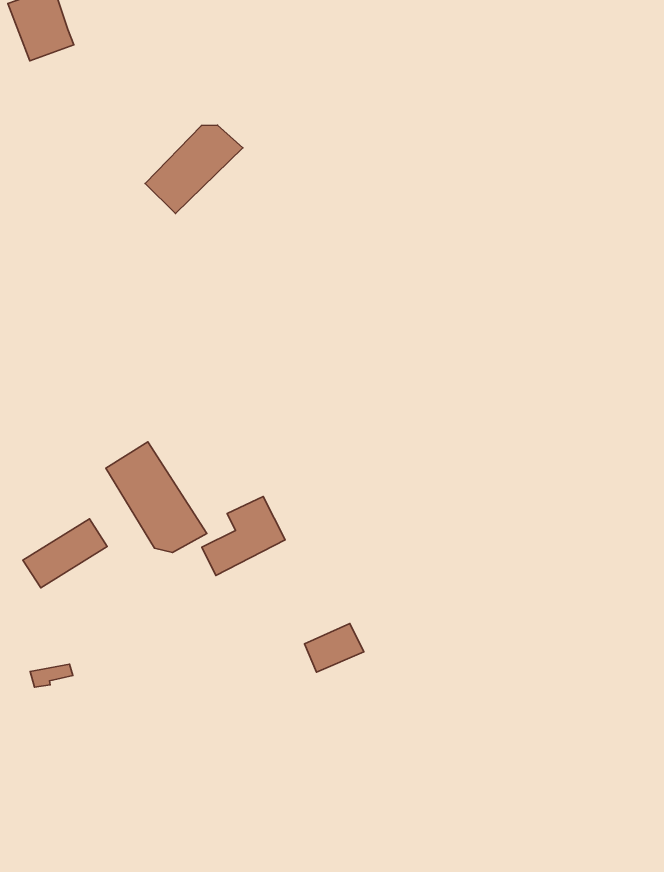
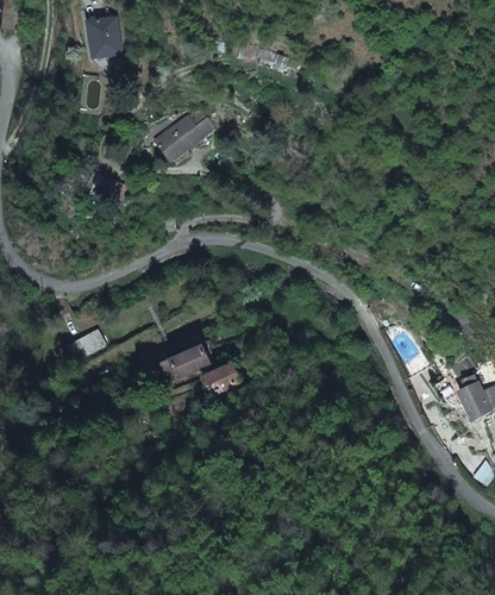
building: [106,442,207,552] -> none
building: [304,623,364,672] -> [203,365,238,392]

